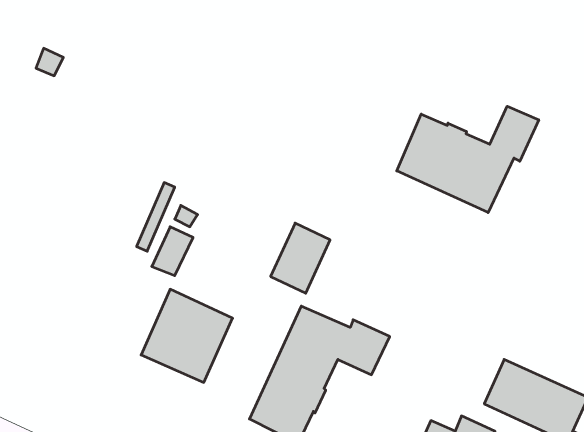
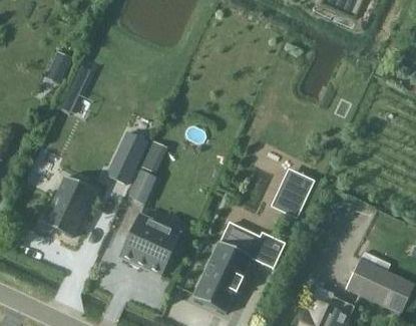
building: [397,106,539,213] -> none
building: [271,223,330,293] -> [275,170,314,216]
building: none -> [42,176,93,237]

